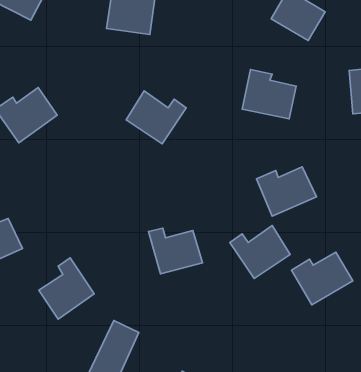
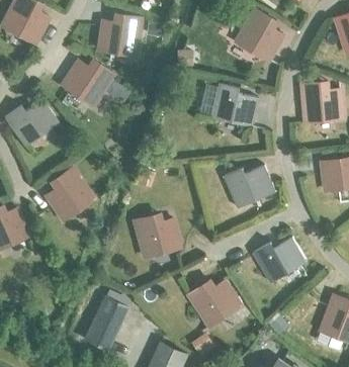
building: [126,91,186,144] -> [62,61,112,105]
building: [230,226,290,278] -> [189,281,240,326]
building: [39,258,94,319] -> [46,168,92,219]

